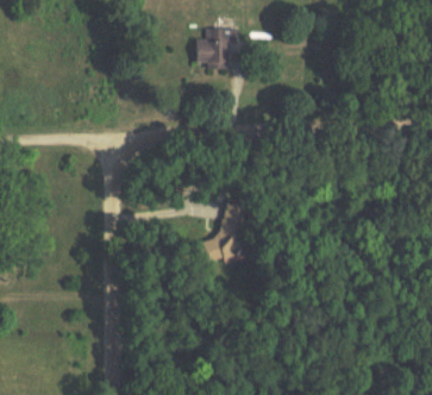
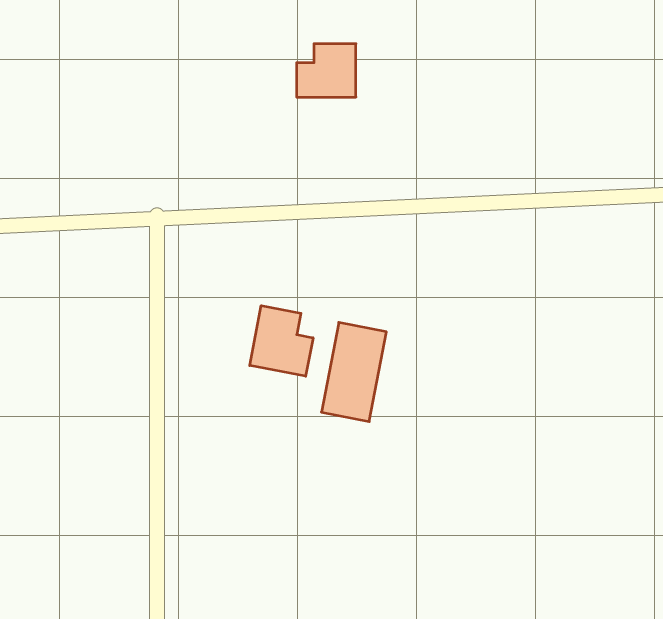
building: none -> [250,306,313,376]

